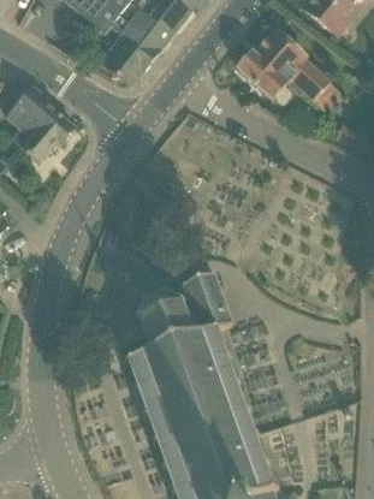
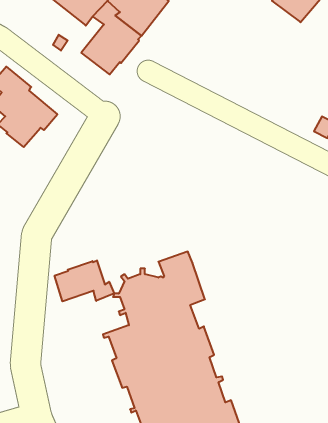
building: [237,30,342,109] -> none
building: none -> [55,260,114,301]

